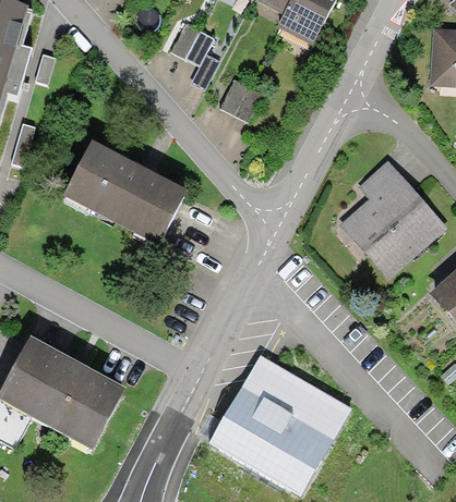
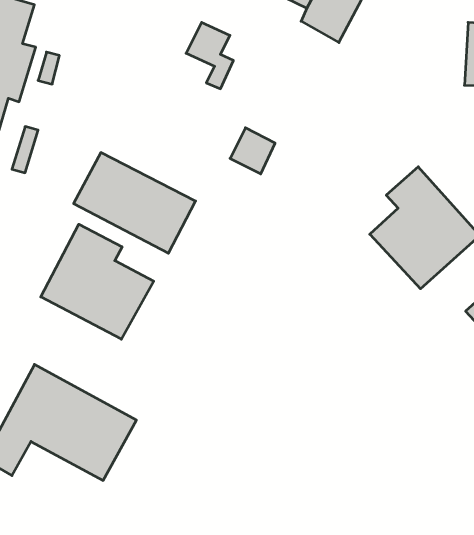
building: [218,78,260,121] -> [230,128,275,174]
building: none -> [41,224,154,339]
building: [214,355,348,489] -> none

